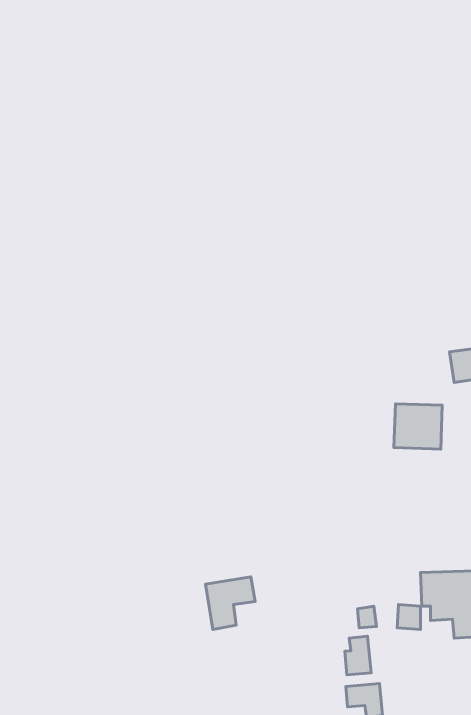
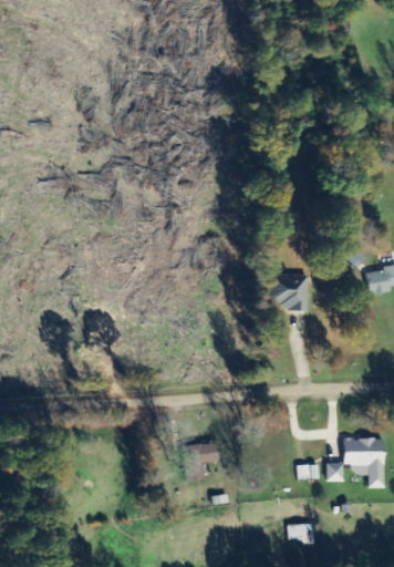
building: [394,404,442,449] -> [272,274,309,308]
building: [345,636,371,675] -> none

